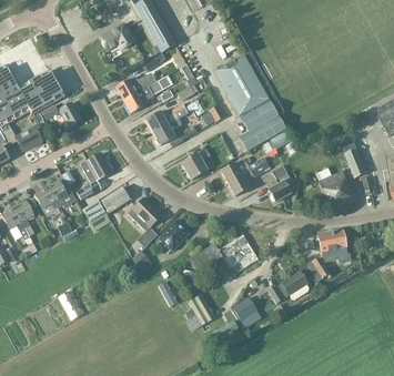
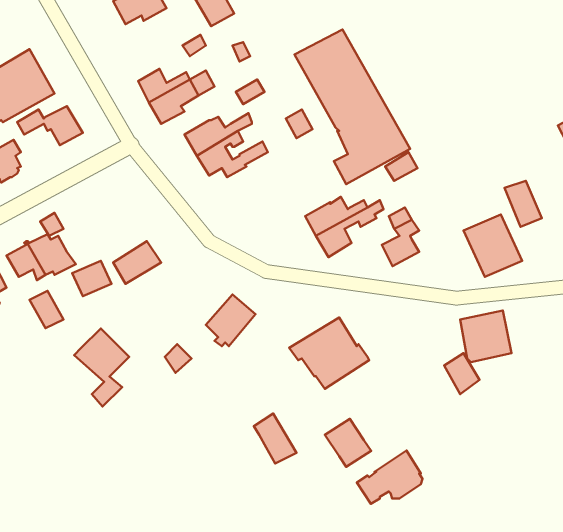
building: [180,149,210,180] -> none
building: [75,153,112,200] -> none
building: [127,197,161,246] -> [74,328,129,407]
building: [267,270,309,303] -> [357,451,423,504]

